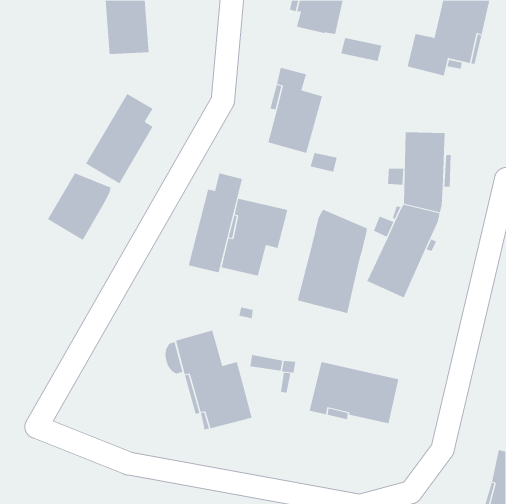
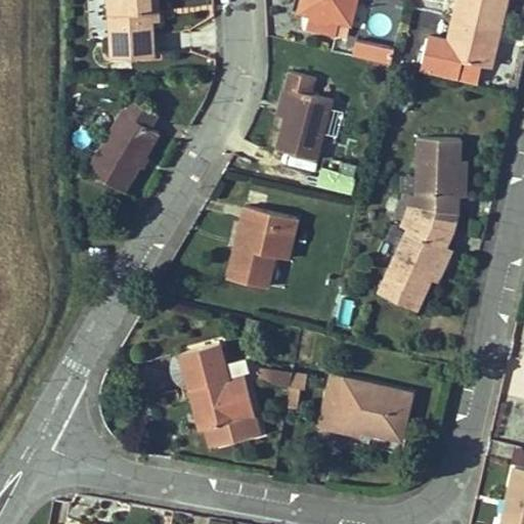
building: [47,173,111,241] -> none
building: [188,173,243,273] -> none
building: [297,209,367,314] -> none

